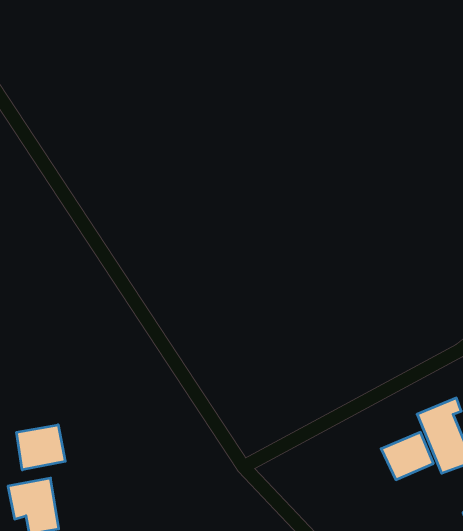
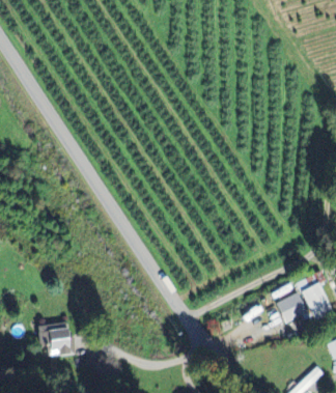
building: [17,425,65,470] -> none

